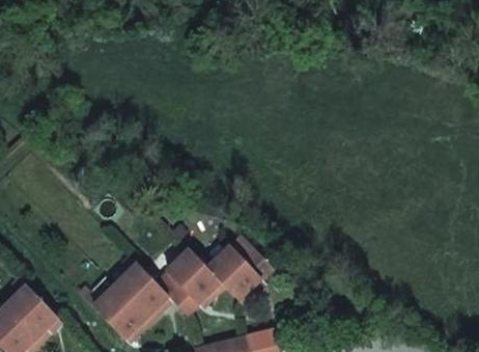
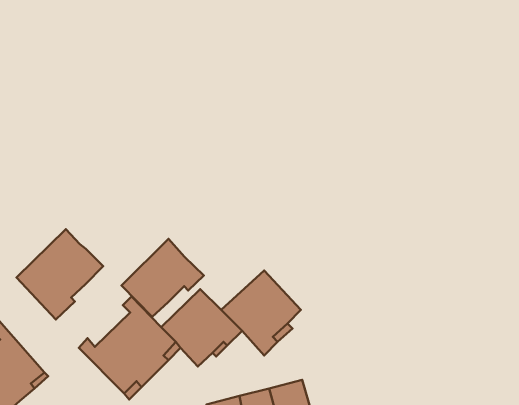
building: none -> [16,229,103,319]
building: none -> [121,239,204,317]

